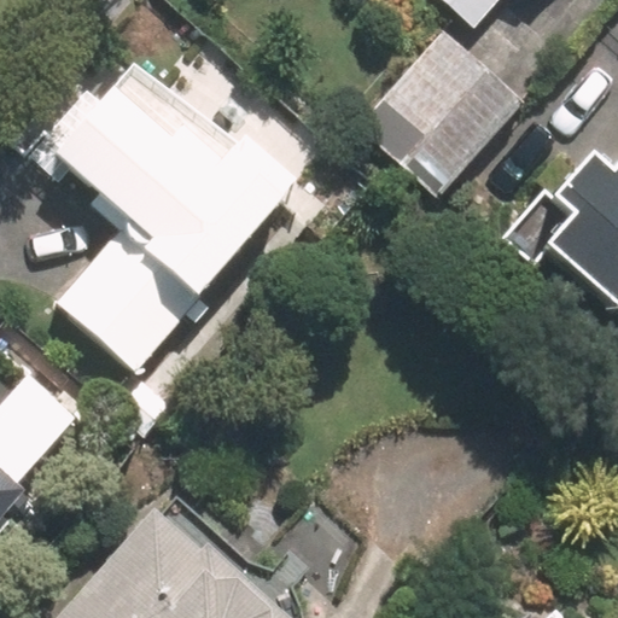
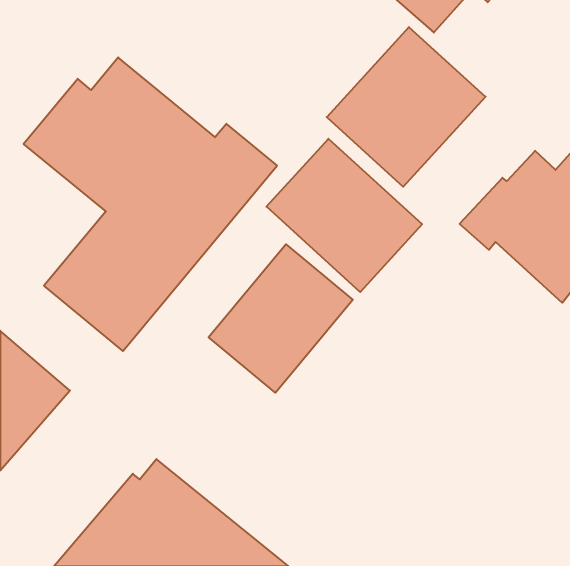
building: none -> [266,139,422,292]
building: none -> [209,244,353,393]

